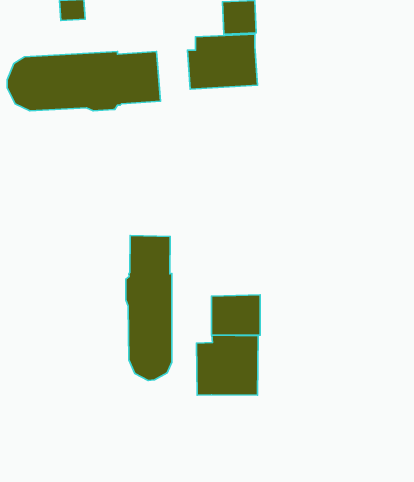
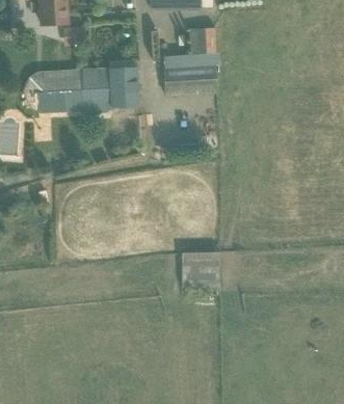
building: [126,235,172,380] -> none
building: [197,335,258,395] -> none

